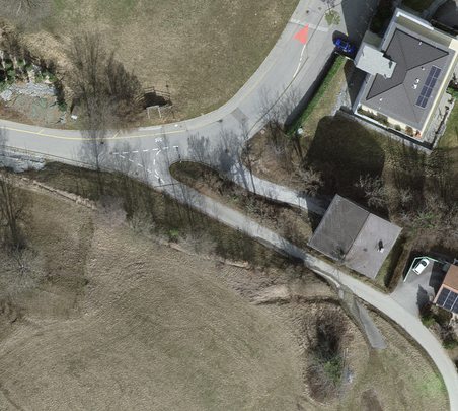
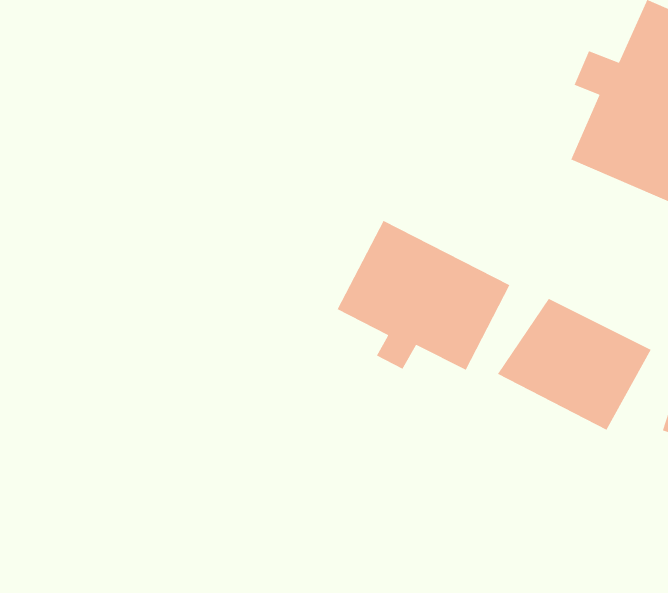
building: none -> [336,220,511,371]

